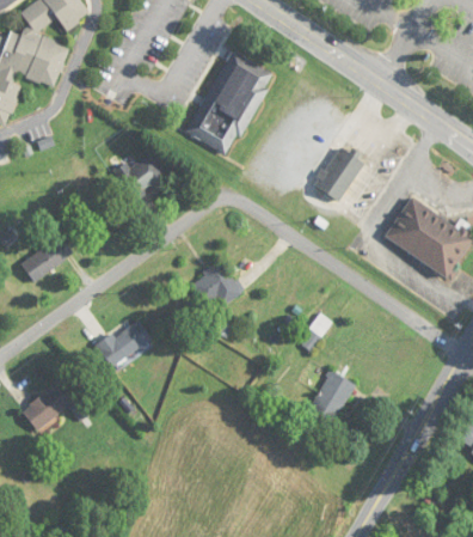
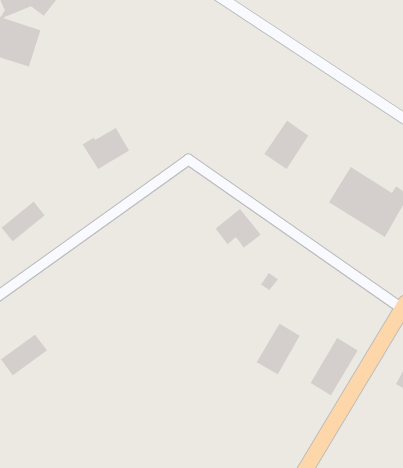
building: [186,49,272,155] -> none
building: [191,261,244,306] -> [214,208,262,249]
building: [96,319,150,366] -> none
building: none -> [309,337,359,396]

